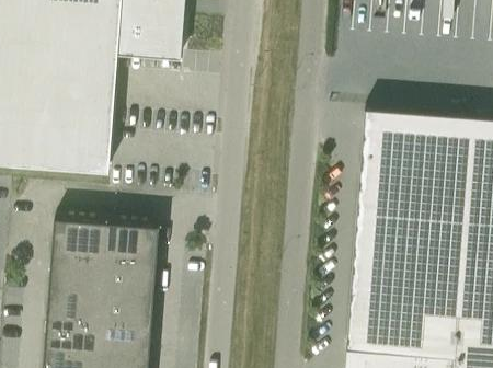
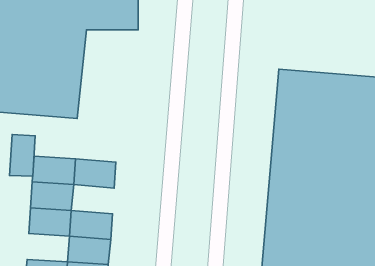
building: none -> [9,134,35,176]
building: [102,256,157,294] -> none
building: [46,319,100,355] -> none

